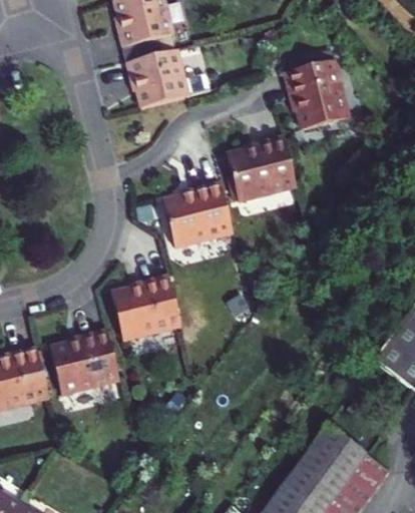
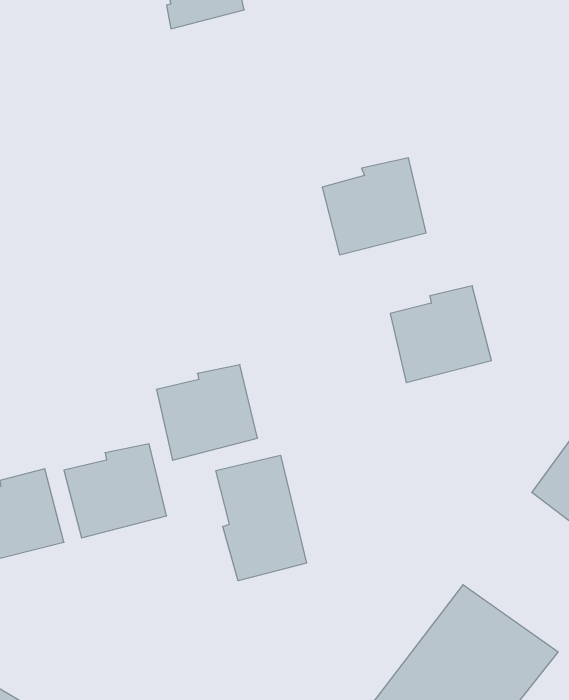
building: [128,47,212,106] -> none
building: [283,58,349,127] -> none
building: [164,180,234,246] -> [390,286,491,383]
building: none -> [216,455,306,581]

